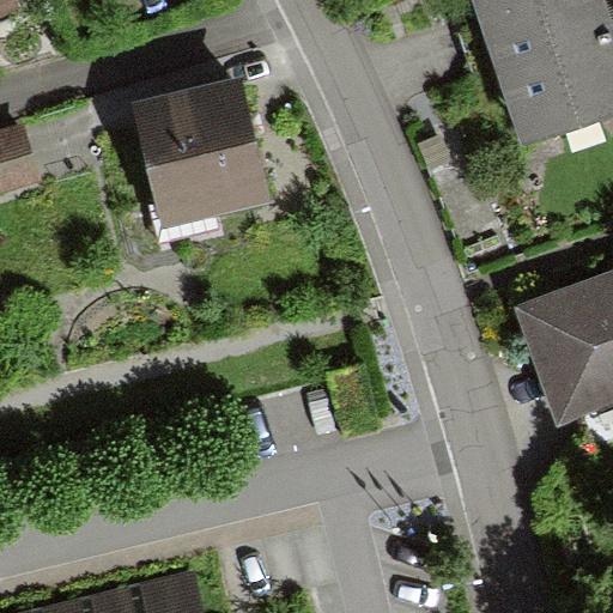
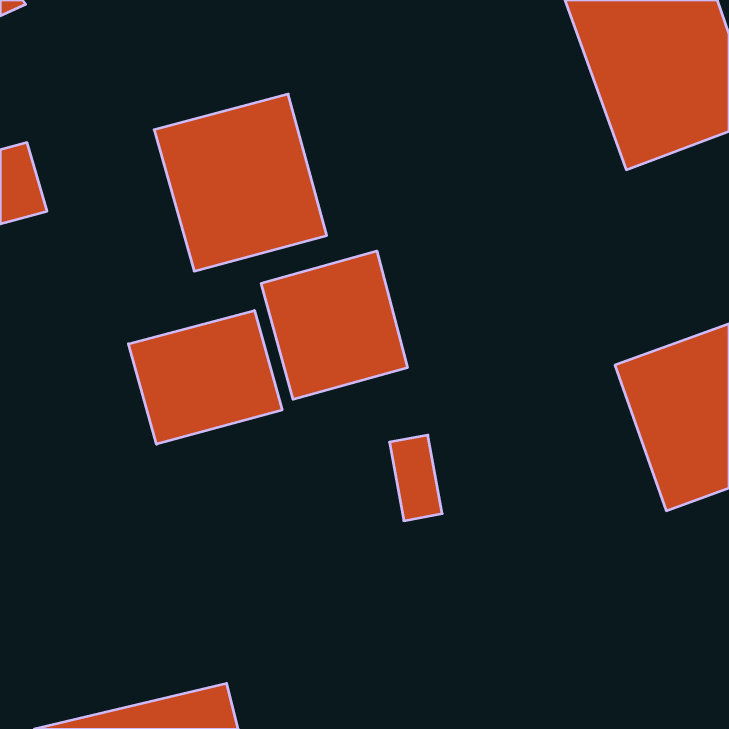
building: none -> [261,251,407,399]
building: none -> [128,310,282,444]

